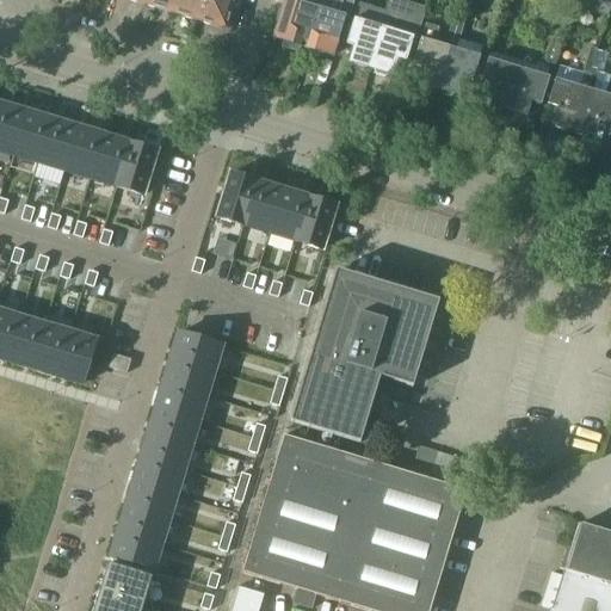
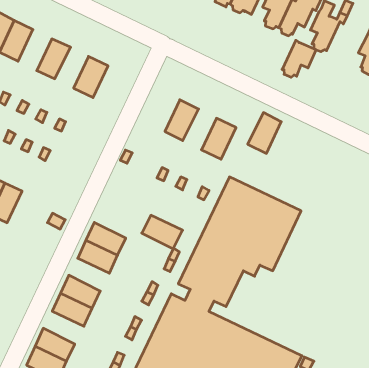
building: [439,45,480,94] -> [282,40,316,77]
building: [39,117,79,169] -> none
building: [91,132,130,185] -> none
building: [217,171,258,223] -> none
building: [270,187,309,240] -> [248,113,281,153]
building: [57,329,97,382] -> none
building: [171,331,223,370] -> [142,215,183,249]
building: [148,406,200,444] -> none
building: [125,480,178,518] -> none

